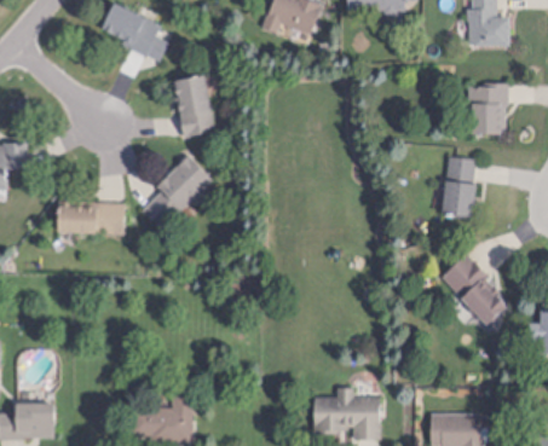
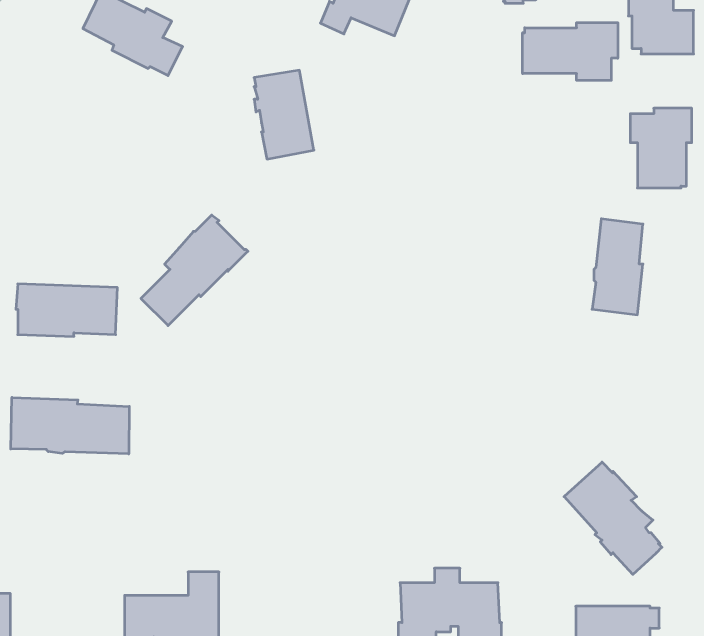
building: none -> [523,23,618,80]
building: [174,76,214,135] -> [254,70,314,159]
building: [440,254,506,329] -> [564,462,662,574]
building: none -> [11,397,129,454]

